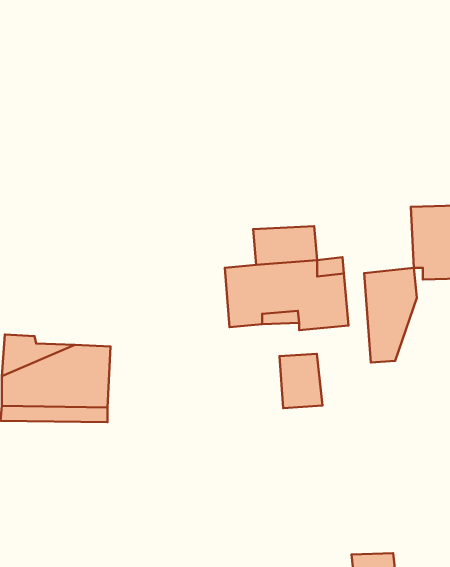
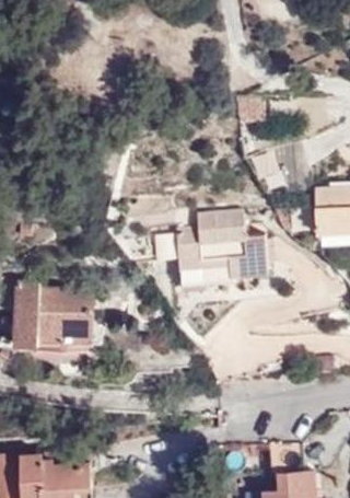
building: [364,268,417,362] -> none
building: [279,354,322,408] -> none

